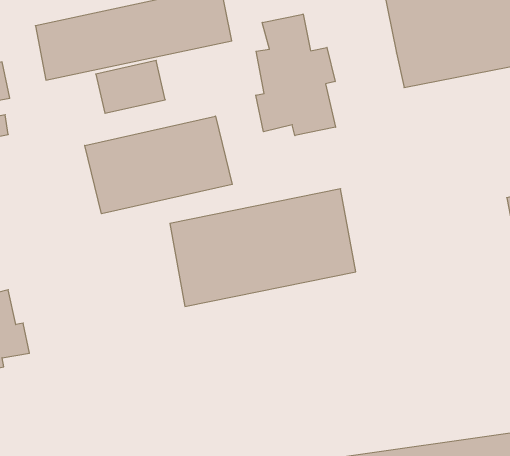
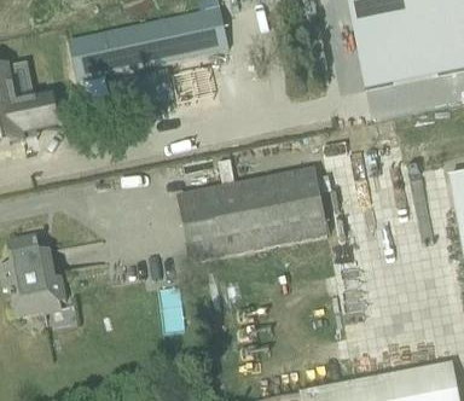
building: [256,14,336,136] -> none
building: [85,116,232,214] -> none

